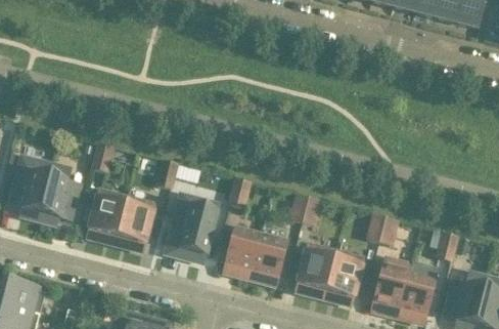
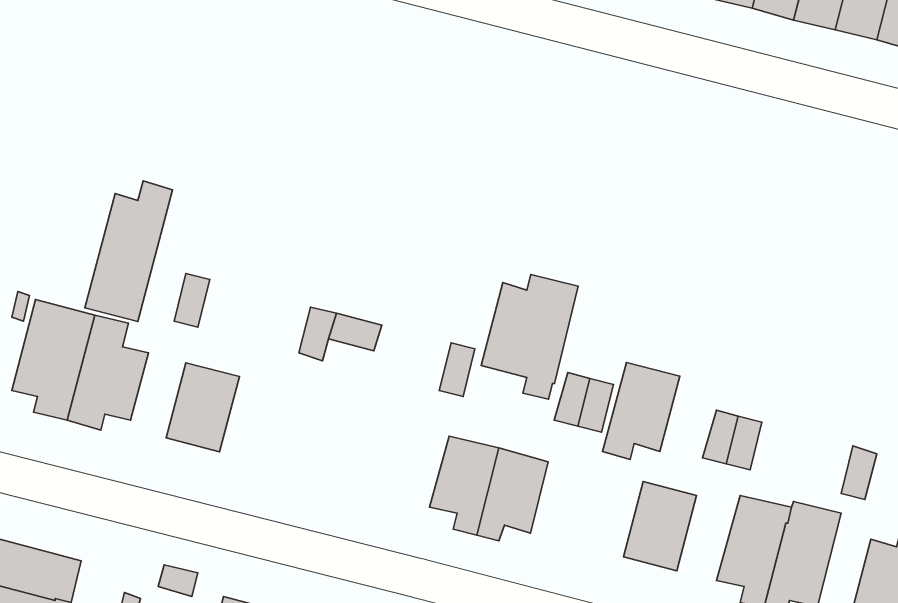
building: none -> [85,181,173,322]
building: [117,196,154,250] -> none
building: [168,197,218,261] -> [481,274,578,399]
building: [296,243,335,293] -> [603,362,680,459]

